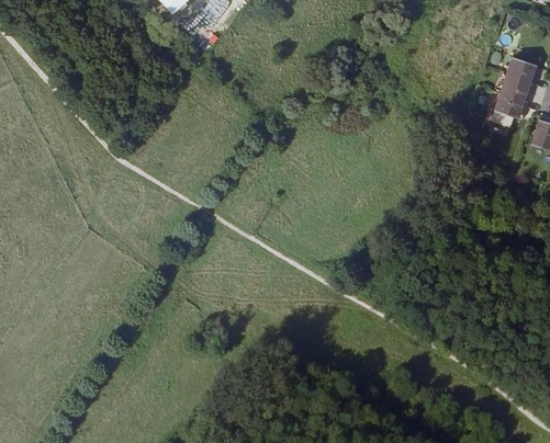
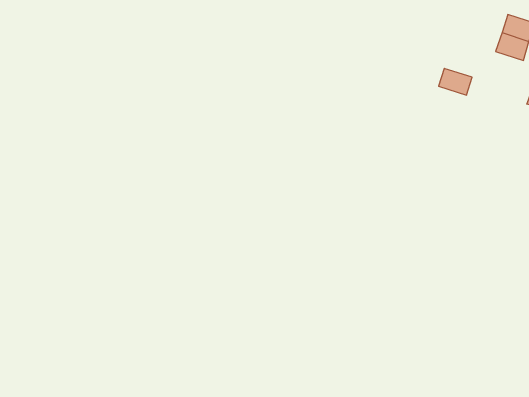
building: [494,92,527,118] -> [439,68,472,95]

